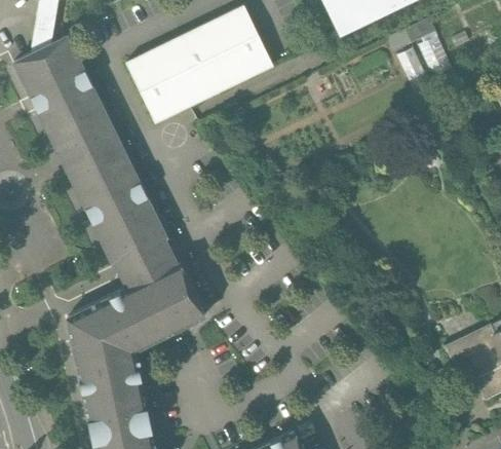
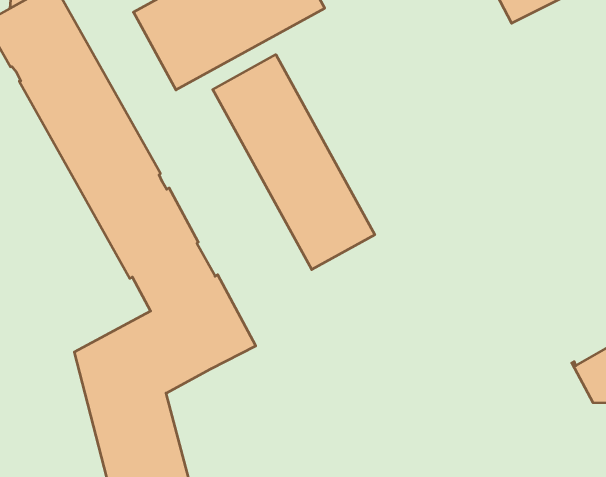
building: none -> [213,55,375,270]

